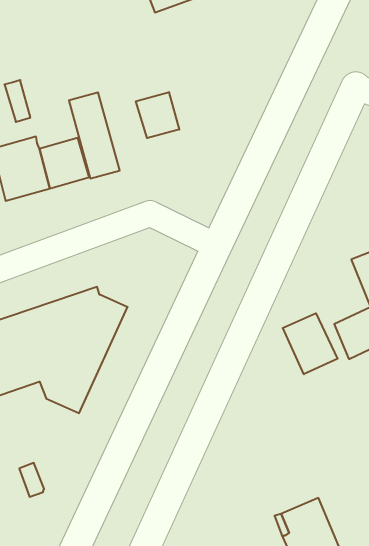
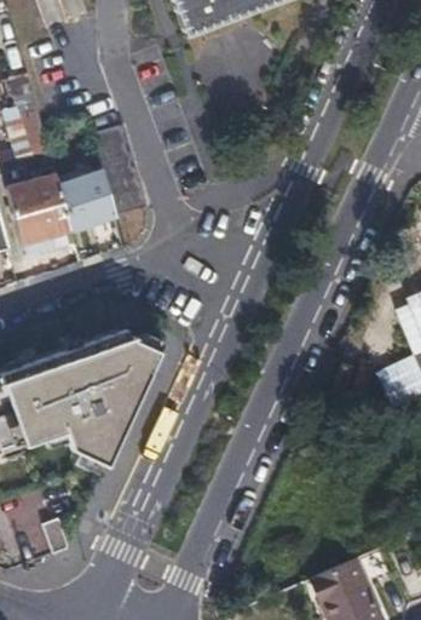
building: [136,92,179,138] -> none
building: [283,313,338,374] -> none

